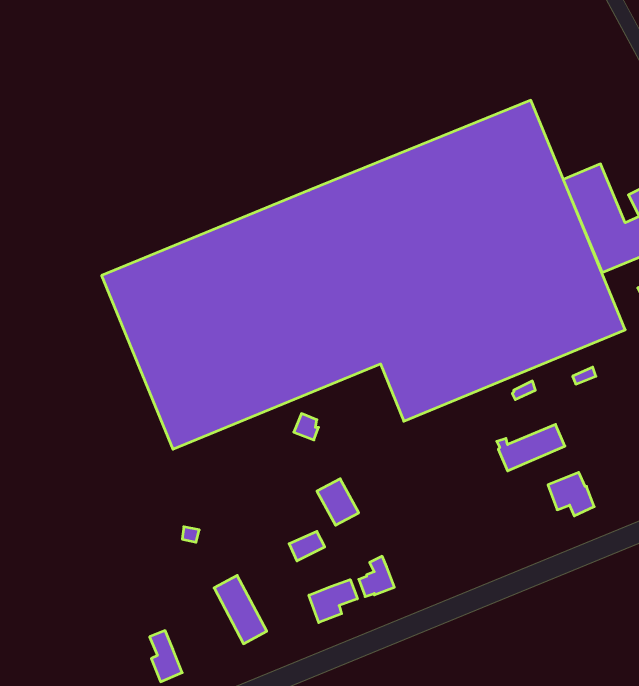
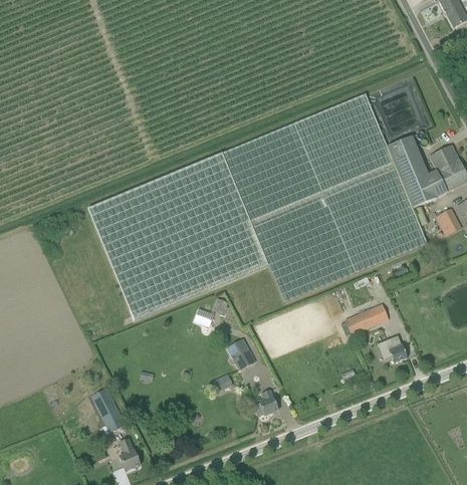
building: [214,575,267,644] -> [90,387,125,431]
building: [309,580,357,623] -> none

